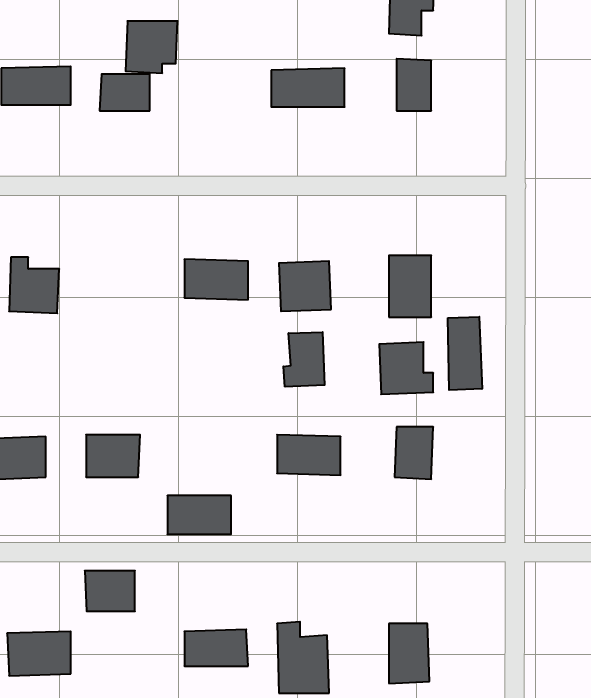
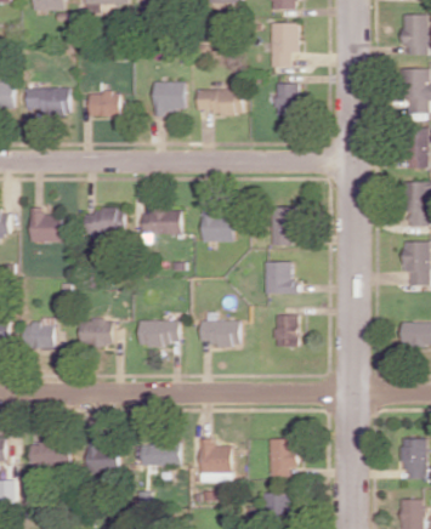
building: [126,21,178,73] -> [152,81,185,114]
building: none -> [84,209,124,234]
building: [448,317,482,390] -> none
building: [283,332,325,387] -> none
building: [167,496,231,534] -> [138,320,178,345]
building: [85,571,135,611] -> [86,446,118,472]

